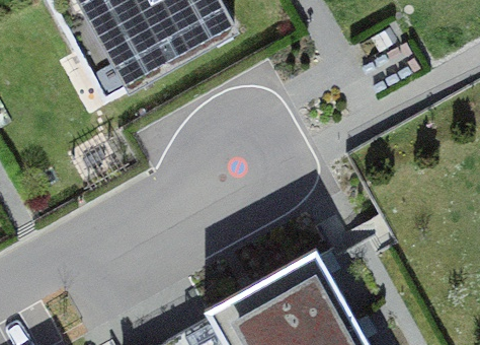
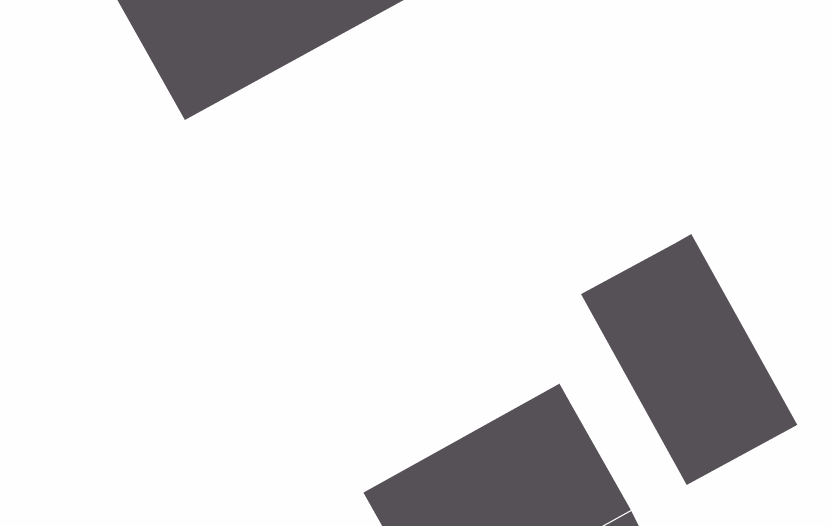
building: none -> [580,233,798,486]

